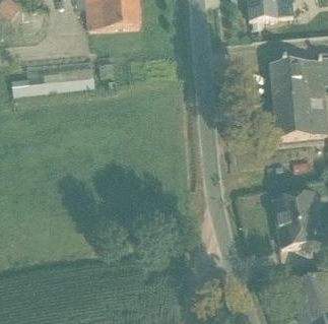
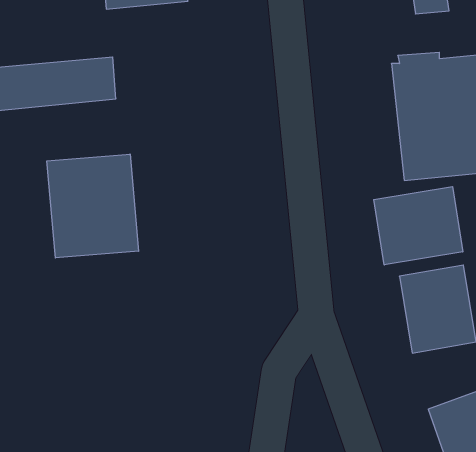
building: none -> [47,154,139,258]
building: none -> [374,187,463,265]

